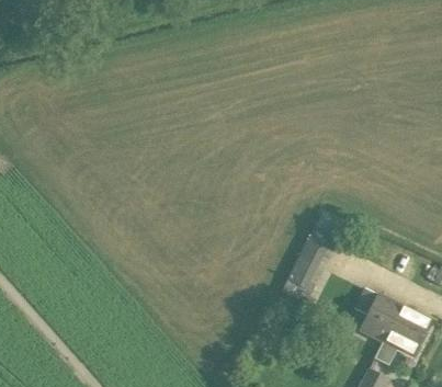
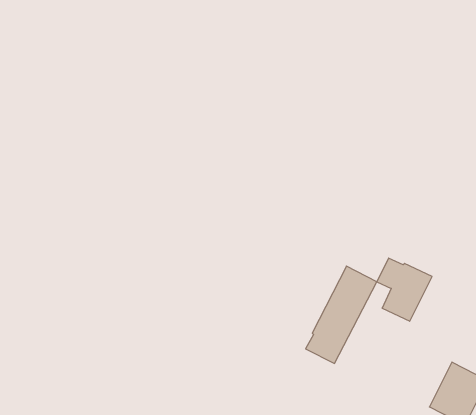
building: [355,289,401,342] -> [377,258,432,321]

